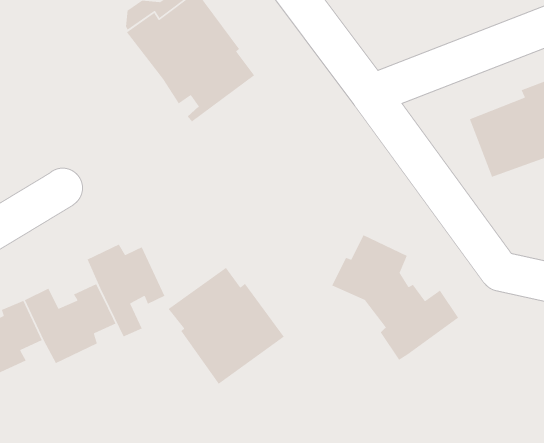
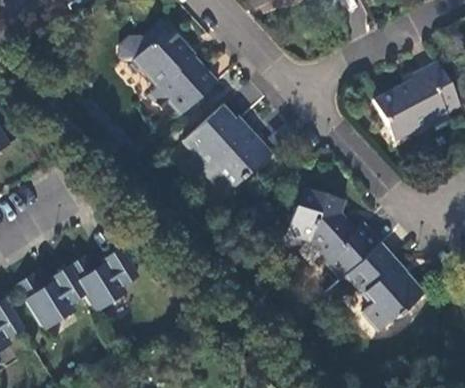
building: [87,244,165,338] -> none
building: [167,267,285,385] -> [183,107,270,193]
building: none -> [350,244,428,331]

